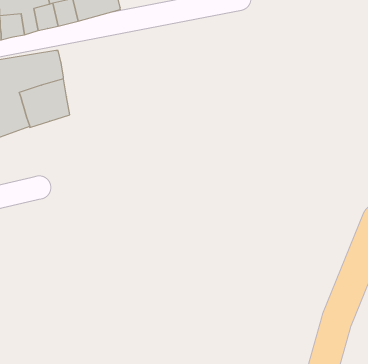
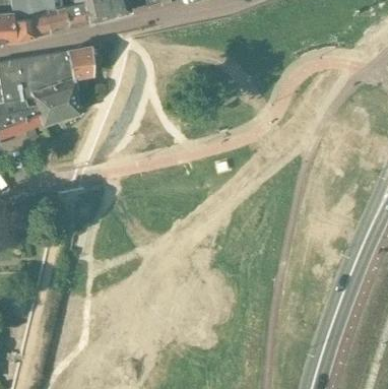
building: none -> [71,47,98,76]

